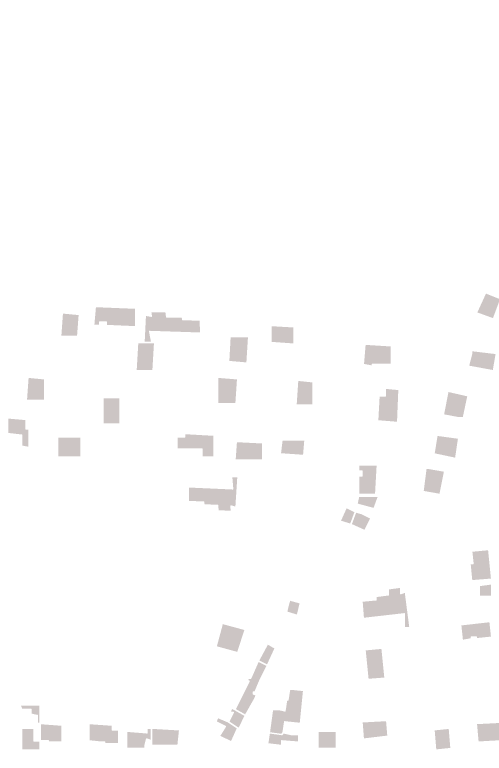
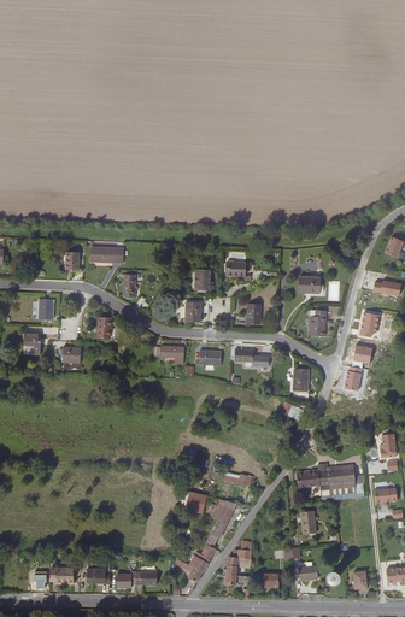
building: [144,311,201,343] -> none
building: [188,476,238,512] -> none
building: none -> [330,463,356,493]

